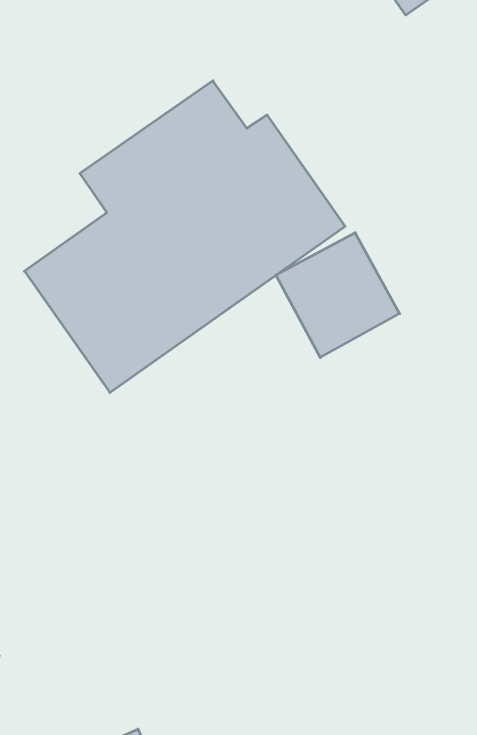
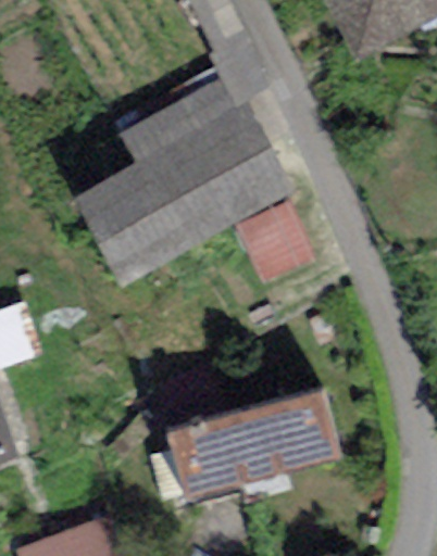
building: none -> [165,386,339,495]

